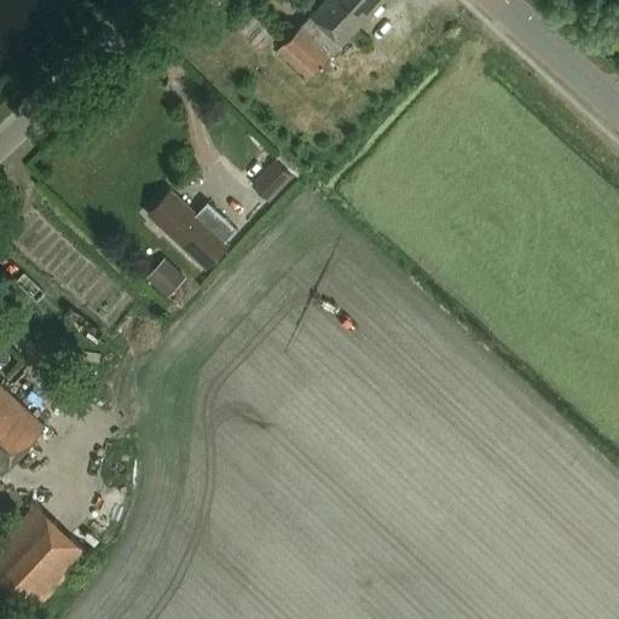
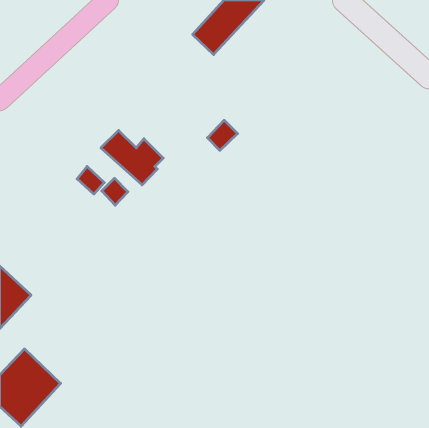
building: [251,157,295,201] -> [207,120,238,150]
building: none -> [77,166,104,194]

